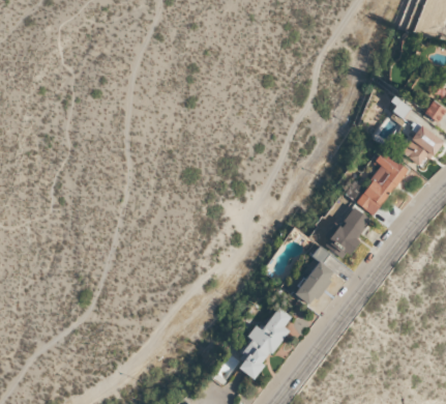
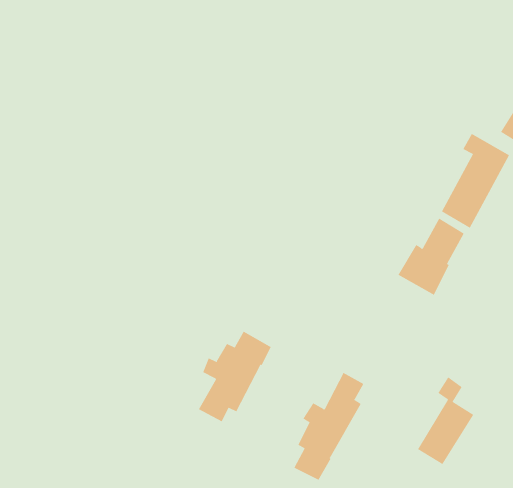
building: [294,244,335,305] -> [417,377,474,465]
building: none -> [198,331,271,422]

